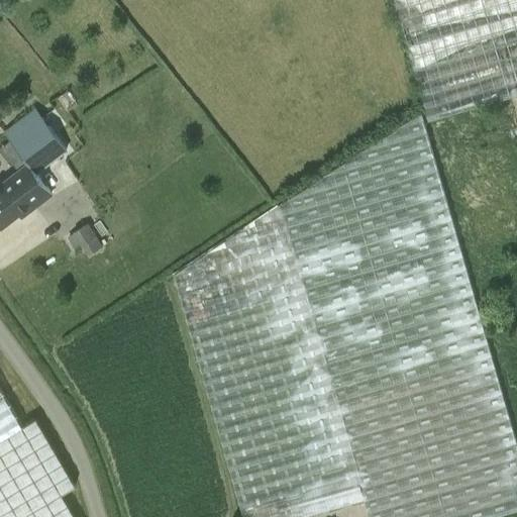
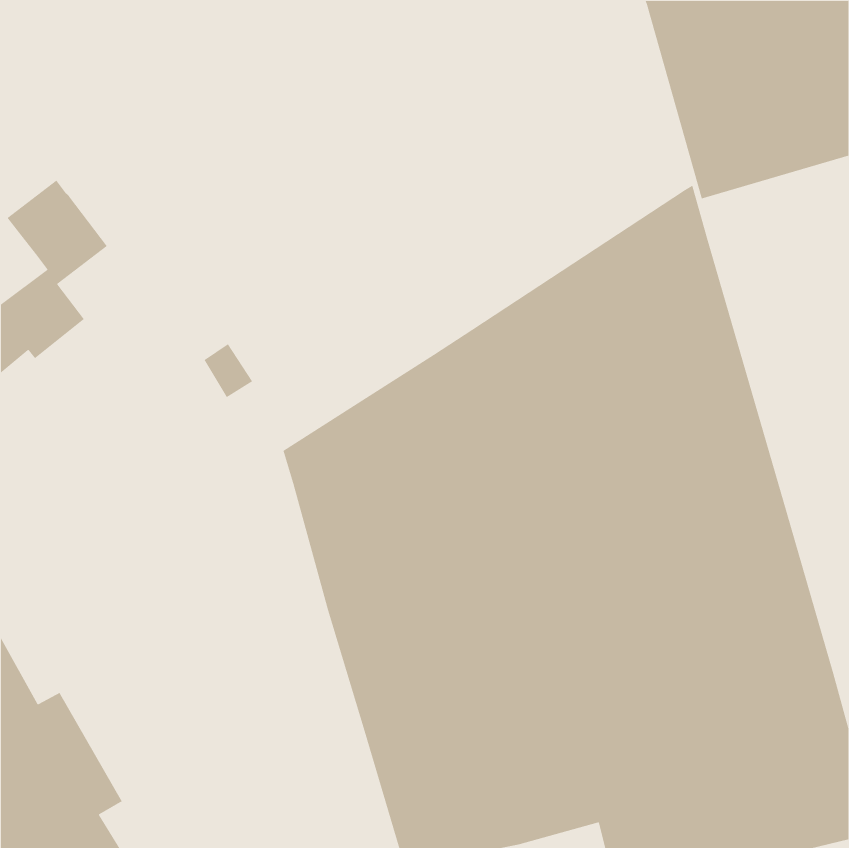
building: [73,224,103,257] -> [203,343,253,398]

